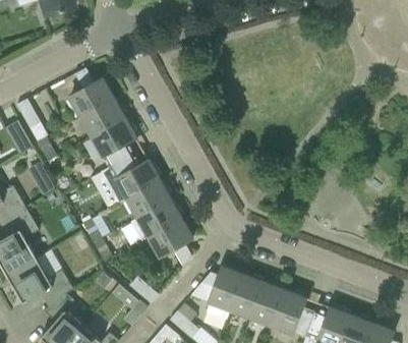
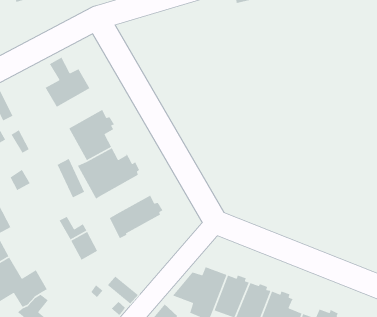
building: [80,98,125,135] -> none
building: [121,180,171,217] -> none
building: [148,218,191,267] -> none

